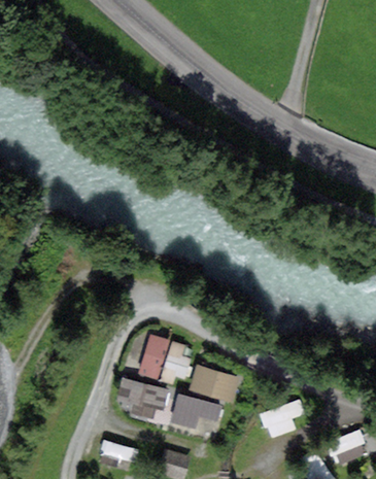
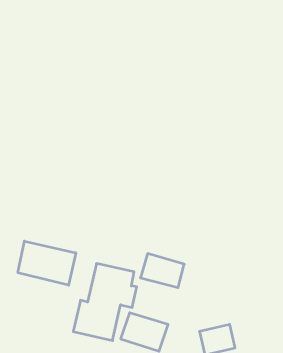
building: none -> [18,241,76,285]
building: [189,364,239,403] -> [140,254,184,288]

